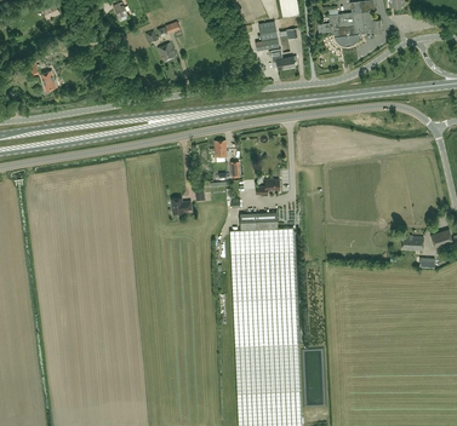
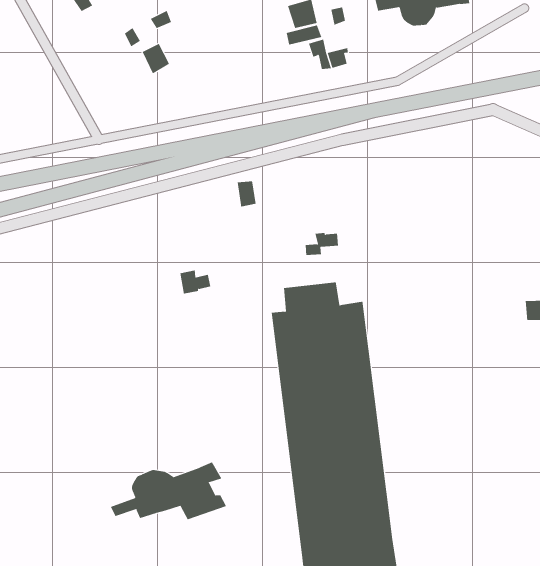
building: none -> [110,461,227,520]

